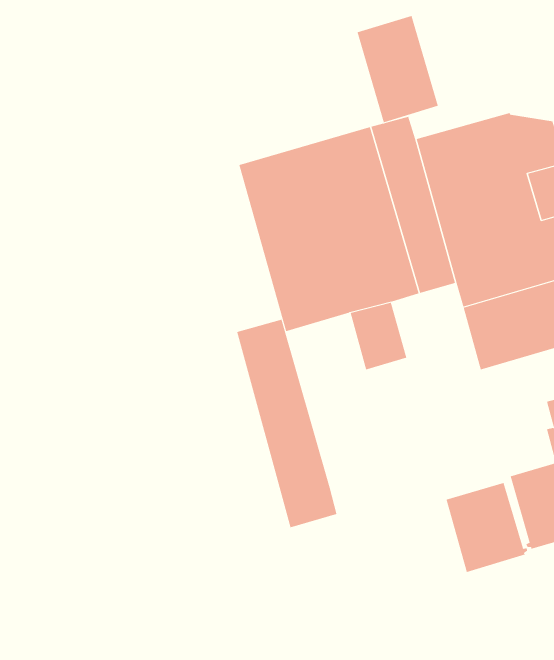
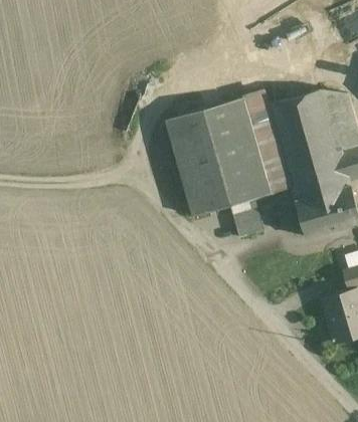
building: [357,15,439,123] -> none
building: [237,319,337,528] -> none
building: [446,482,528,573] -> none

